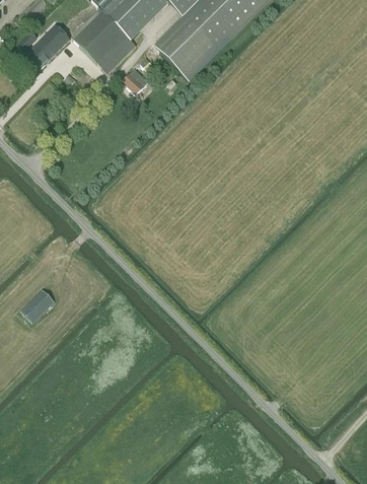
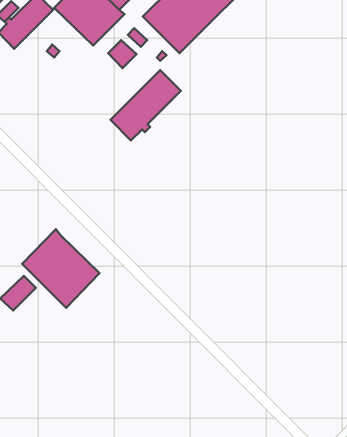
building: none -> [110,70,181,141]
building: none -> [22,229,100,308]

